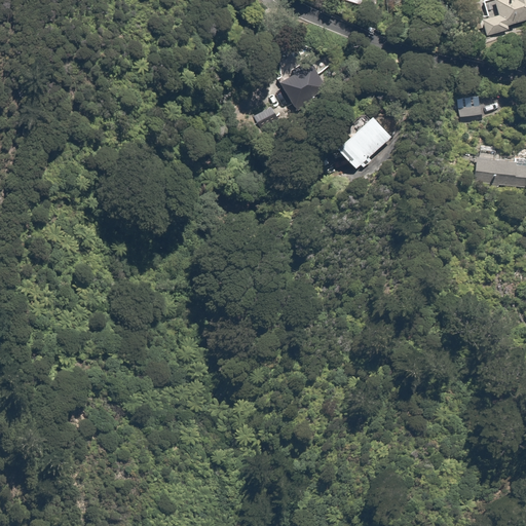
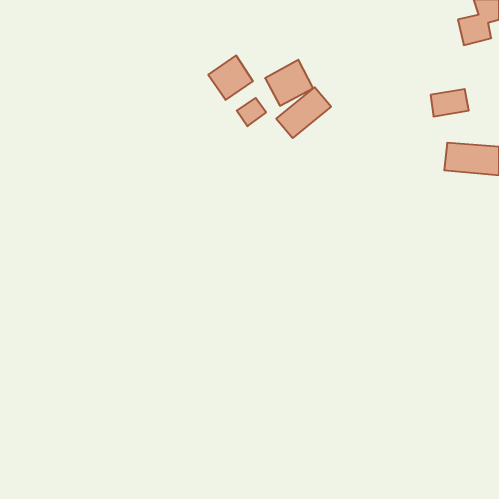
building: none -> [208,55,253,100]
building: [338,115,396,168] -> [276,87,331,138]

